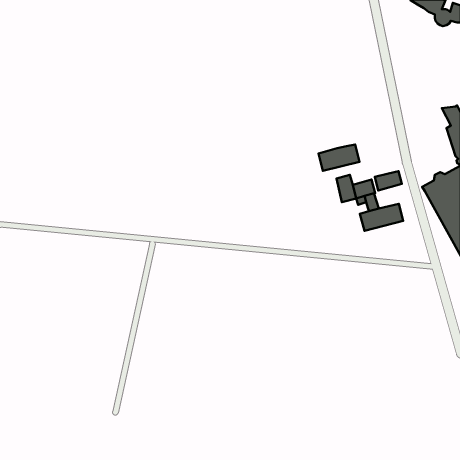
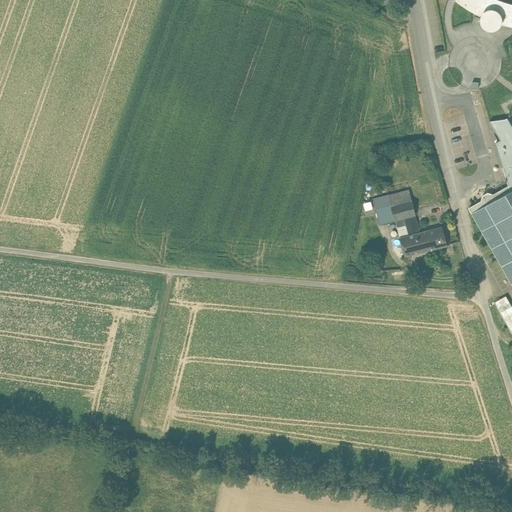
building: [319,144,360,171] -> none
building: [375,171,402,190] -> none

